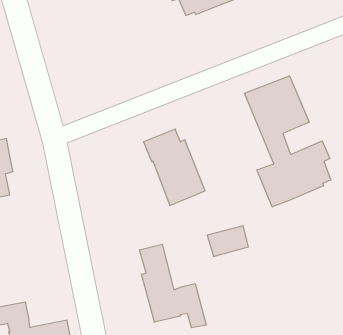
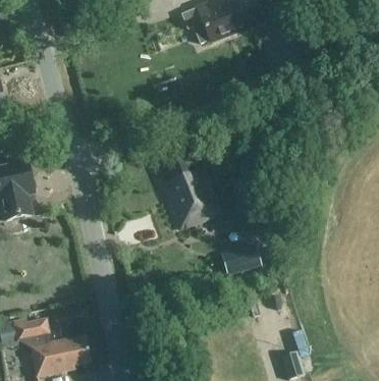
building: [245,76,331,207] -> none
building: [140,244,206,328] -> none

